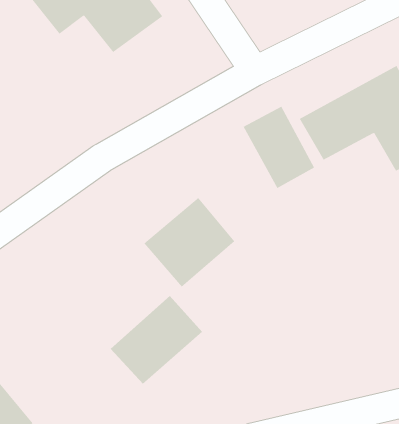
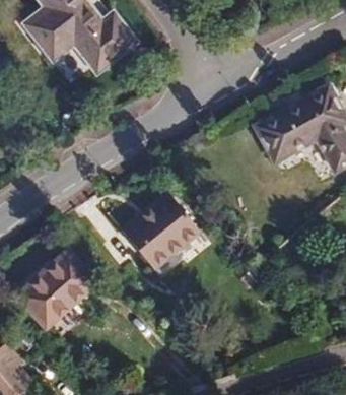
building: [243,106,315,189] -> none
building: [110,295,203,384] -> [17,254,94,328]

